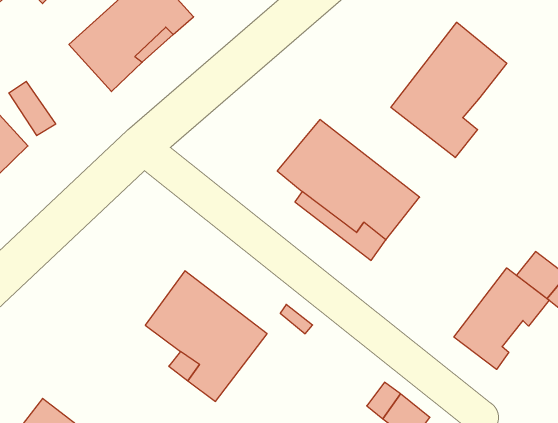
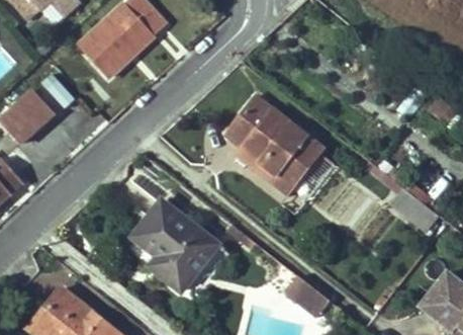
building: [391,22,507,158] -> none
building: [454,268,549,369] -> none

